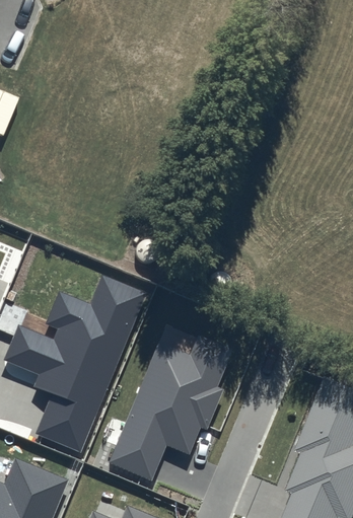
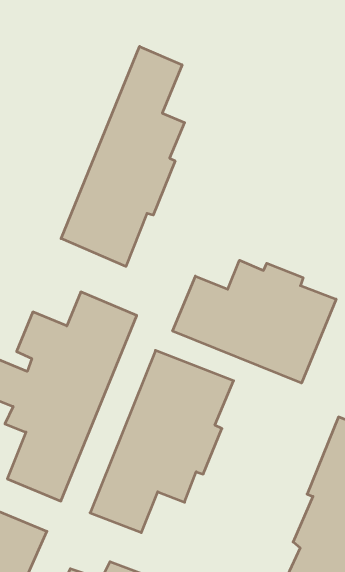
building: none -> [61,46,185,266]
building: none -> [173,260,336,383]

